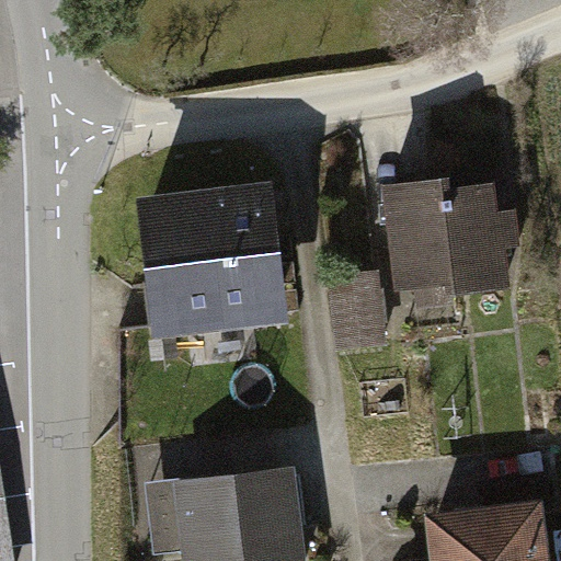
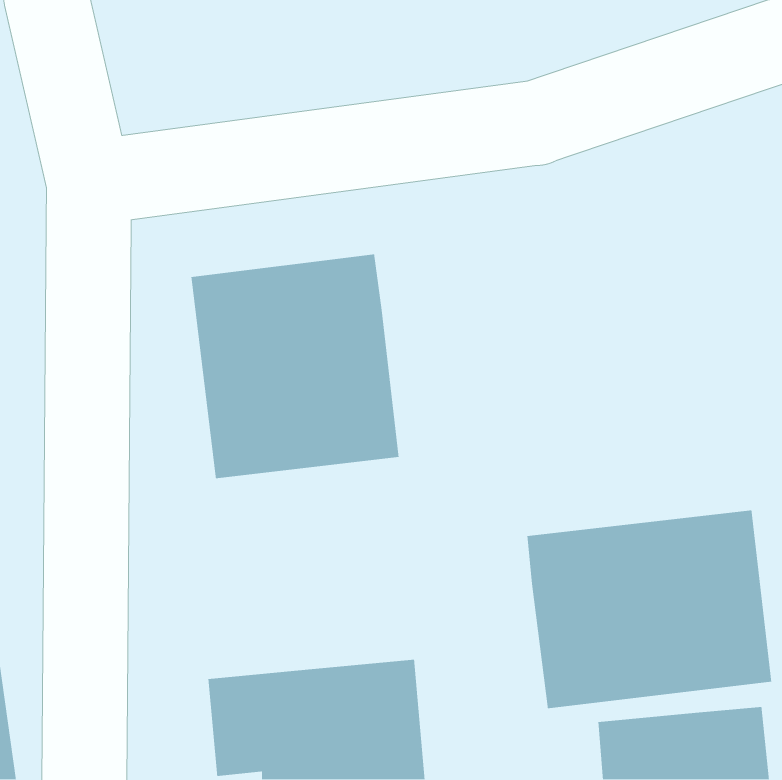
building: [385,182,514,307] -> none
building: none -> [527,510,772,709]

